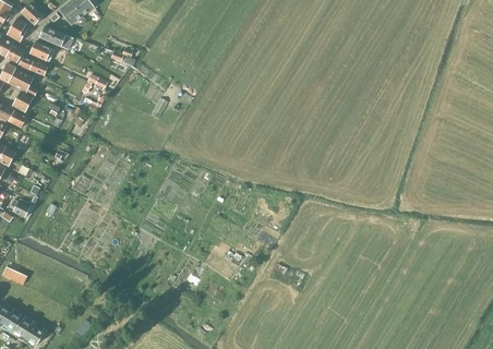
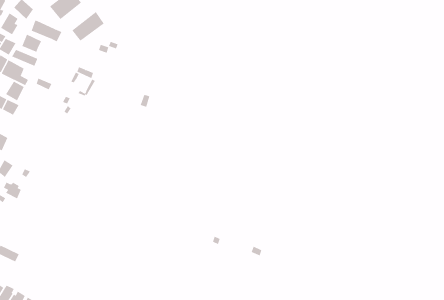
building: none -> [71,11,104,42]

